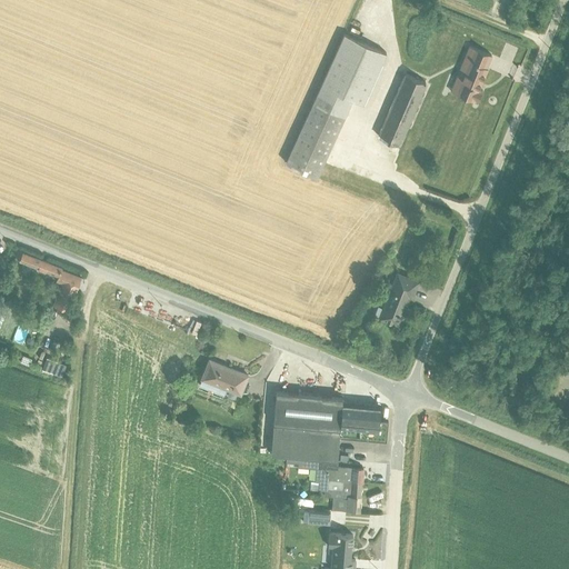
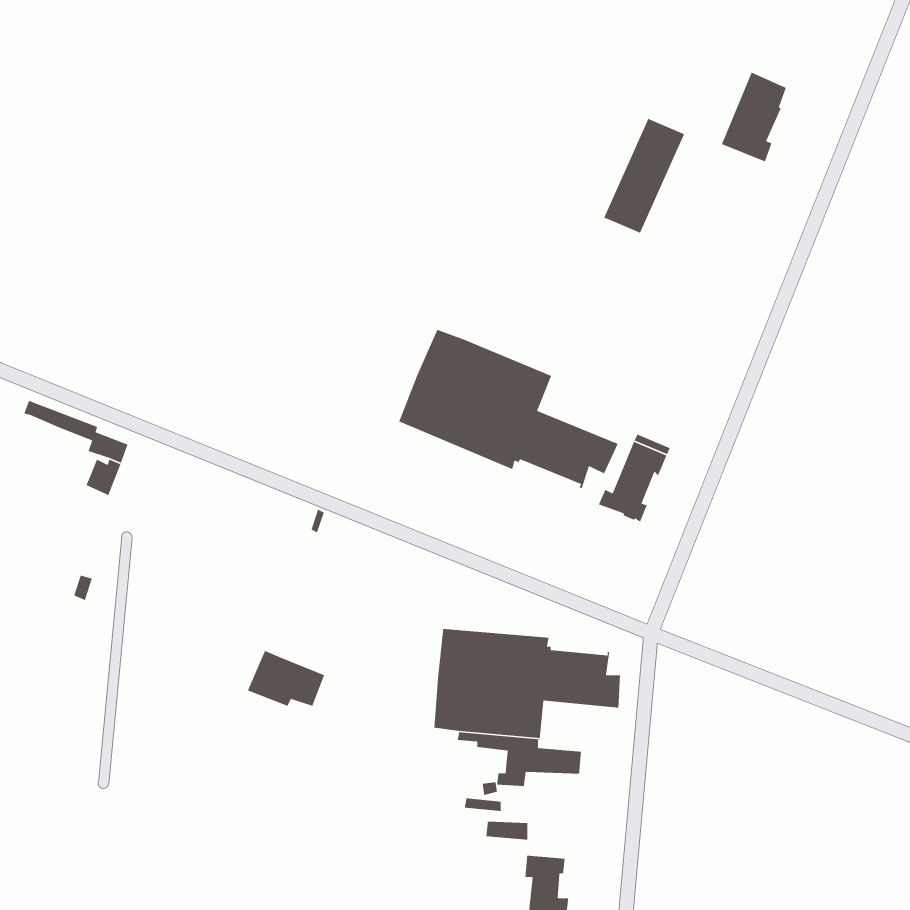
building: [284,34,386,177] -> none
building: none -> [398,329,619,489]
building: [198,359,247,395] -> [247,650,325,707]
building: [327,482,361,512] -> none

